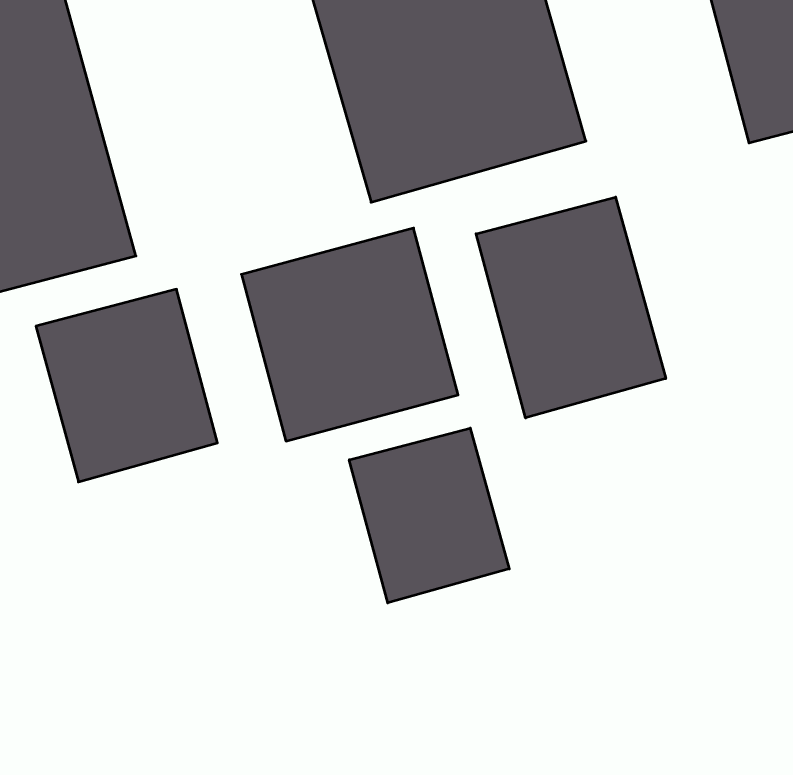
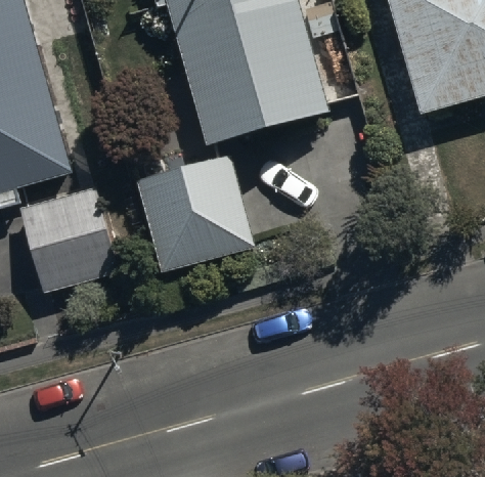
building: [476,197,666,418] -> none
building: [349,428,509,603] -> none

